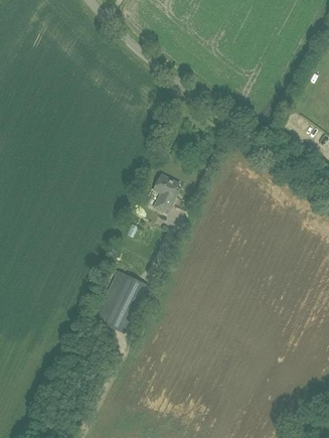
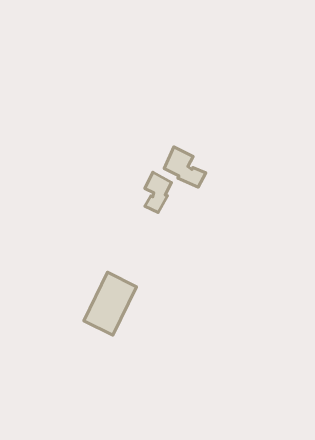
building: none -> [164,147,206,187]

